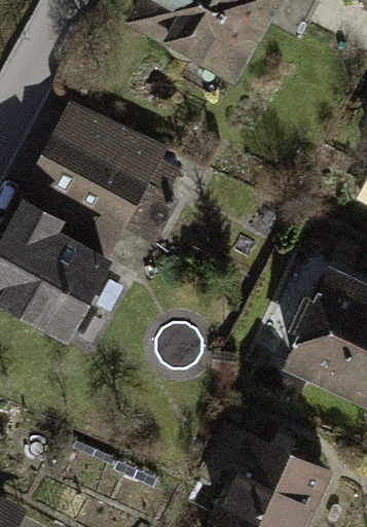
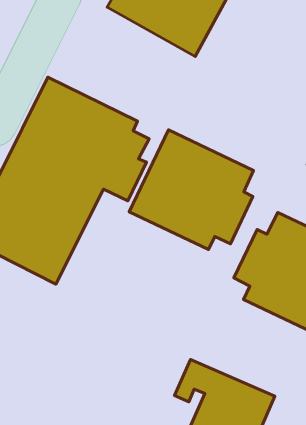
building: none -> [129,130,253,250]

